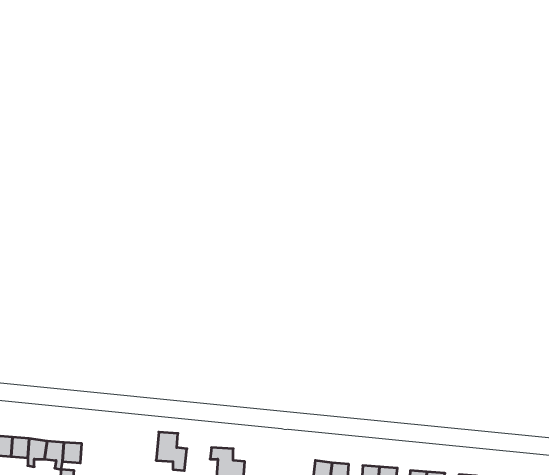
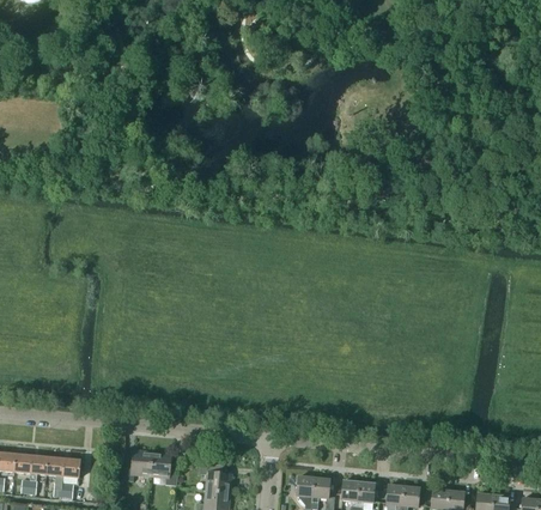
building: none -> [123,448,152,480]

